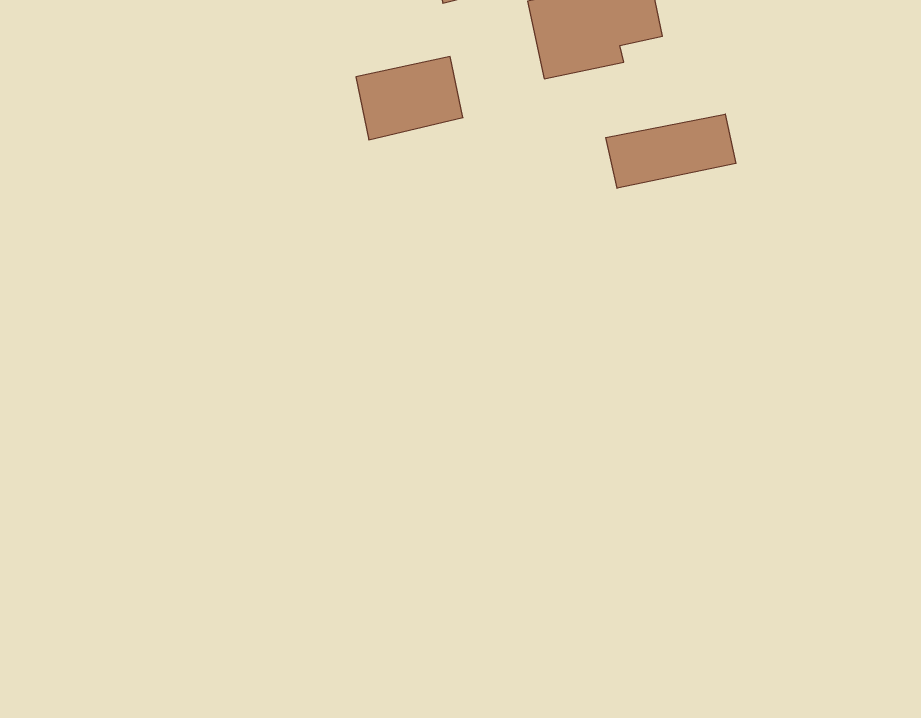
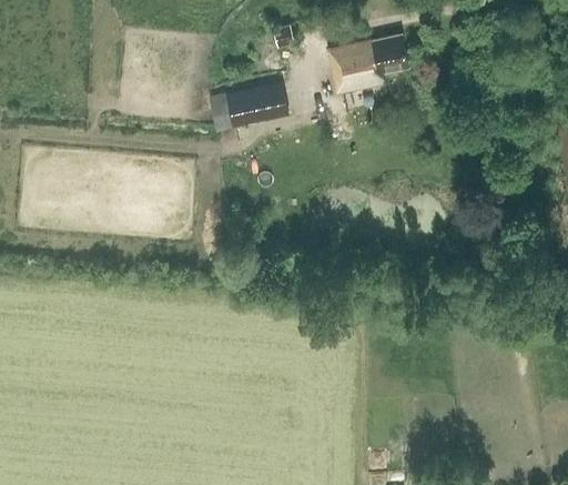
building: [606,114,736,188] -> none

